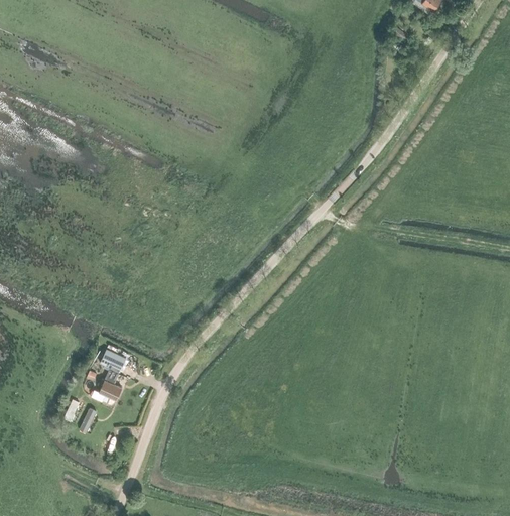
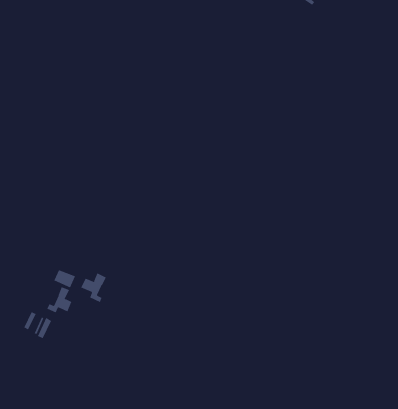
building: none -> [81,273,107,303]

